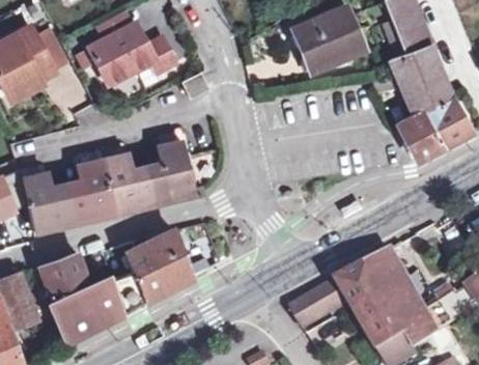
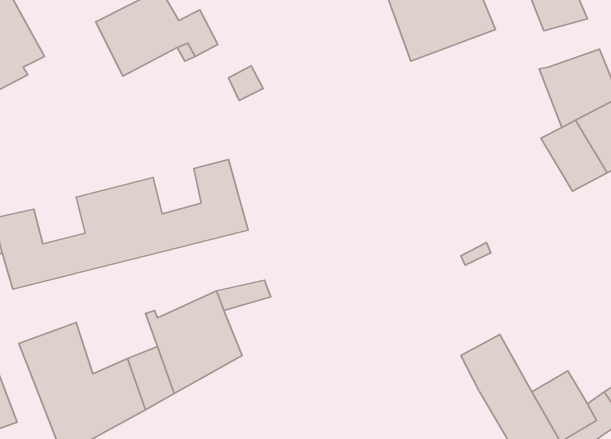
building: [387,45,438,79] -> none
building: [369,248,416,301] -> none
building: [292,276,355,327] -> none

